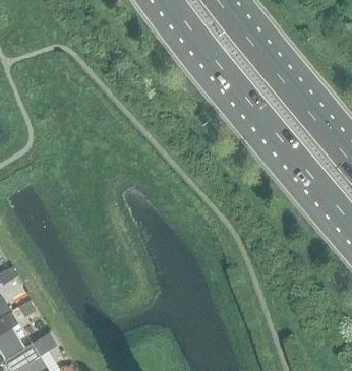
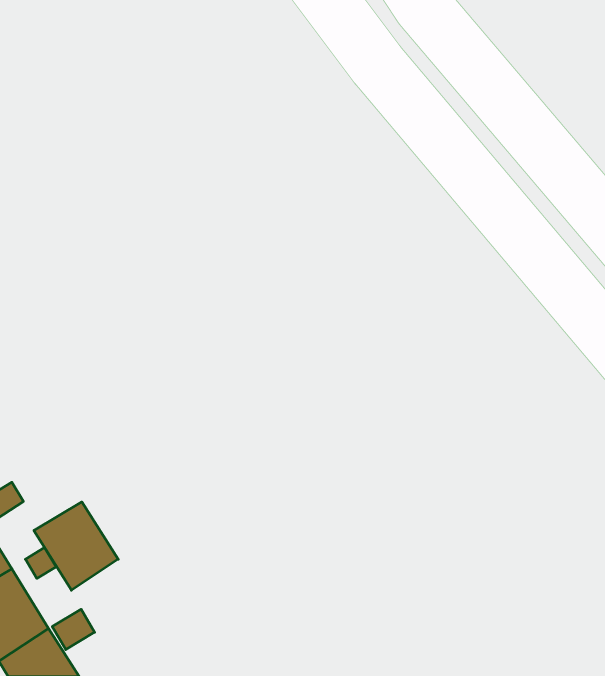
building: none -> [34,502,118,590]

